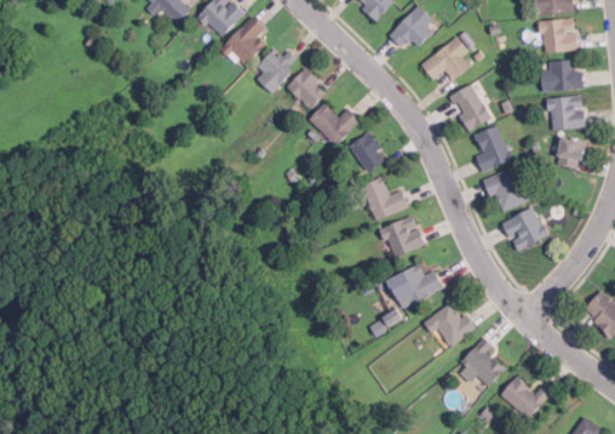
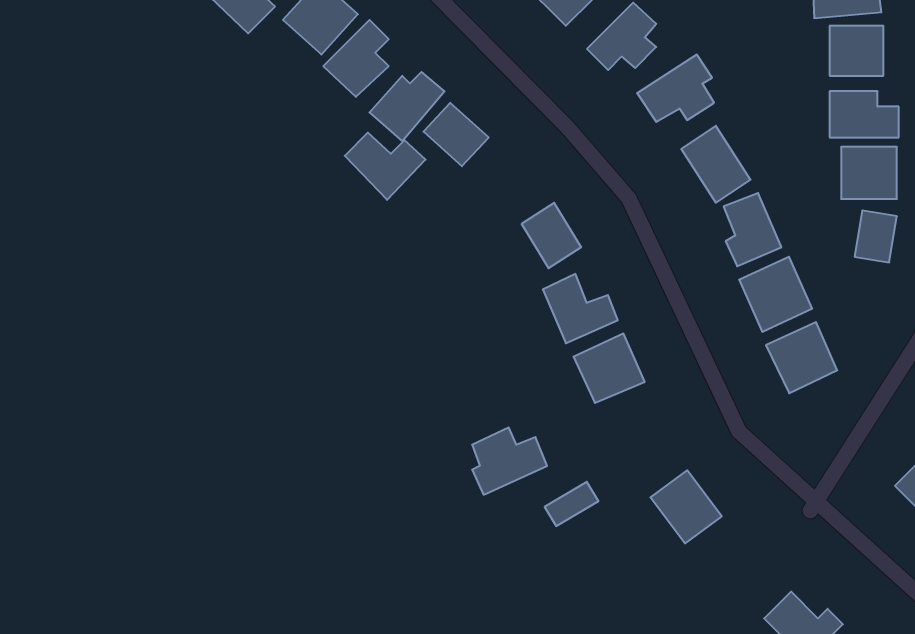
building: [309,103,360,145] -> [345,133,426,200]
building: [395,263,442,305] -> [472,427,547,495]
building: [461,337,505,386] -> none

